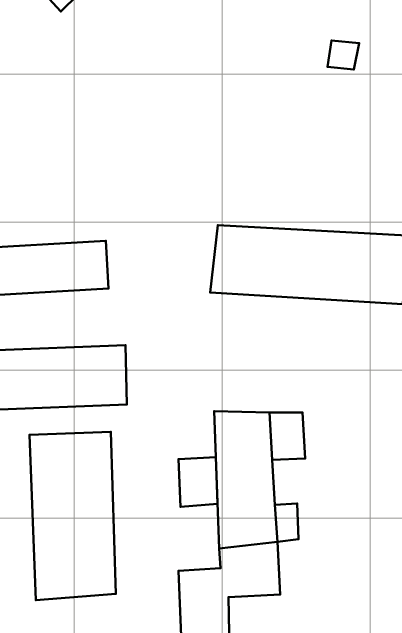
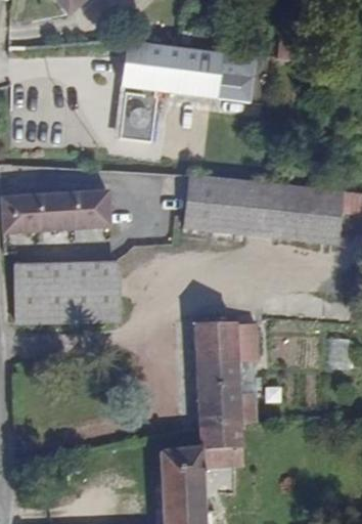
building: none -> [124,42,259,140]
building: [30,432,116,600] -> none
building: [179,457,217,507] -> none

